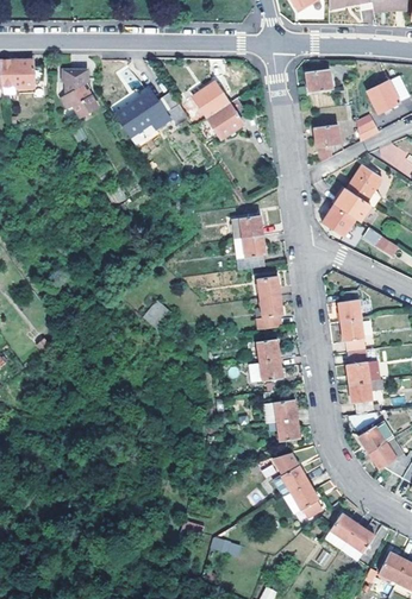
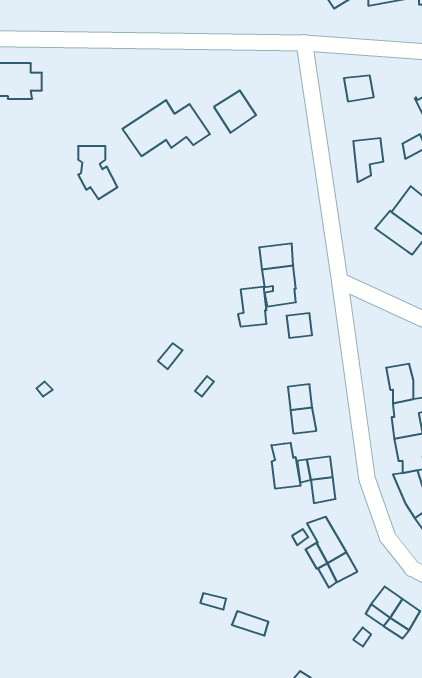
building: [64,75,99,121] -> [78,146,118,199]
building: [207,99,246,140] -> none
building: [322,202,362,237] -> none
building: [338,290,363,323] -> none
building: [256,295,281,329] -> [238,287,267,327]
building: none -> [271,443,301,489]

